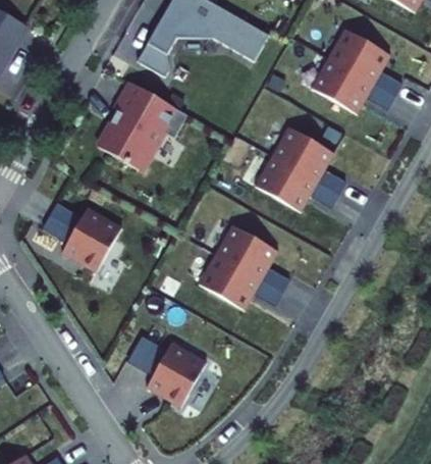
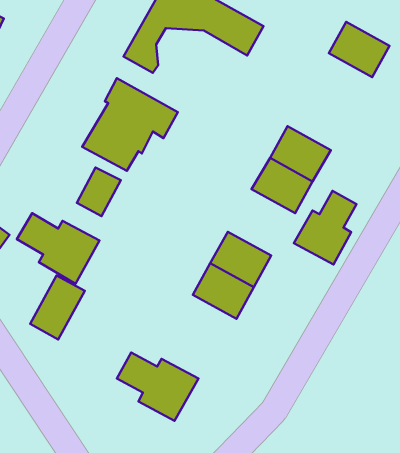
building: [313,57,370,109] -> none
building: none -> [77,167,121,216]
building: none -> [294,191,356,264]
building: none -> [30,276,85,339]

